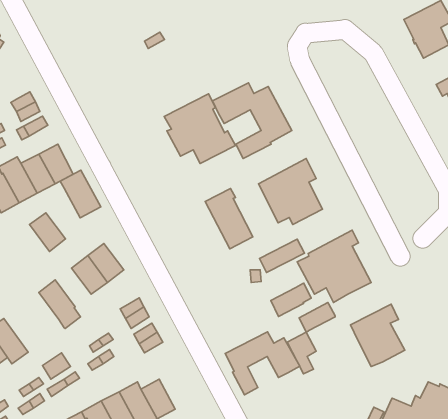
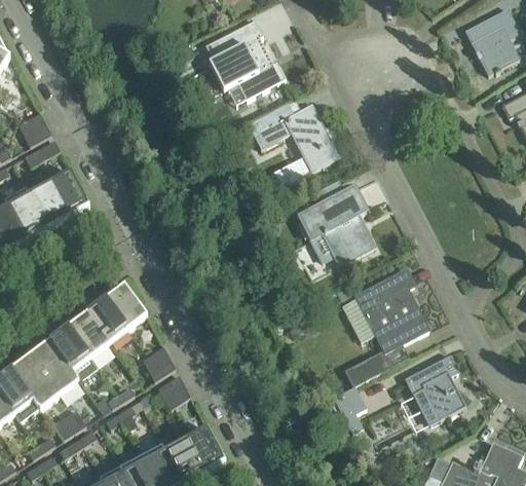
building: [164,94,235,163] -> [203,21,285,100]
building: [60,170,101,218] -> none
building: [205,188,253,249] -> none
building: [30,213,66,252] -> [68,313,109,358]
building: [259,239,304,273] -> none
building: [271,283,311,316] -> none
building: none -> [9,341,78,410]
building: [225,332,300,395] -> none
building: none -> [186,428,225,474]

